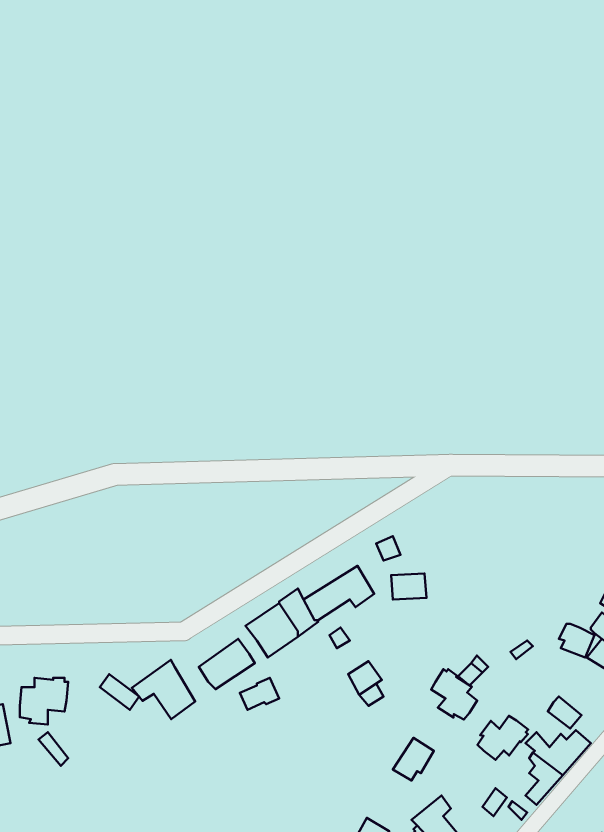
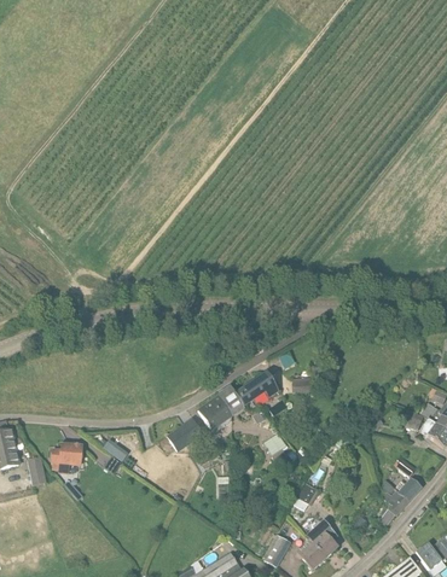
building: [132,660,195,719] -> none
building: [431,669,477,720] -> none
building: [477,716,528,760] -> none

